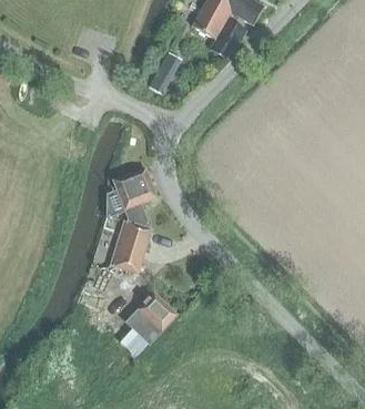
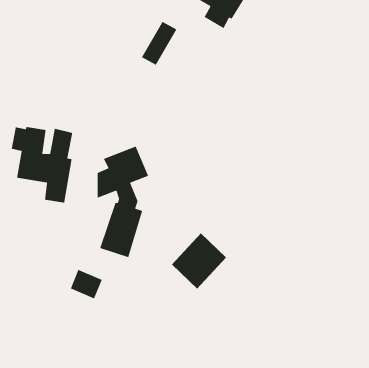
building: none -> [11,126,73,204]
building: [124,293,176,346] -> [171,232,227,289]

